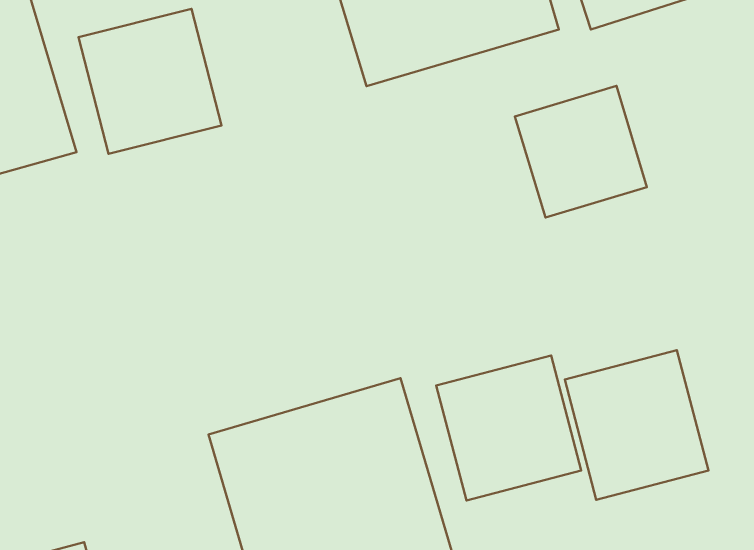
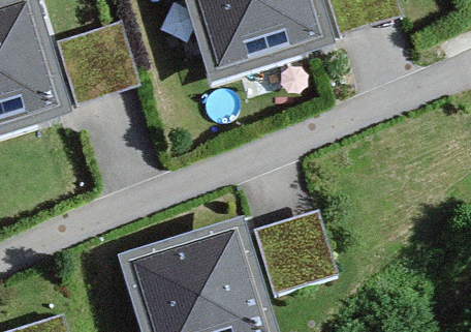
building: [515,86,647,218] -> none
building: [565,350,708,500] -> none

